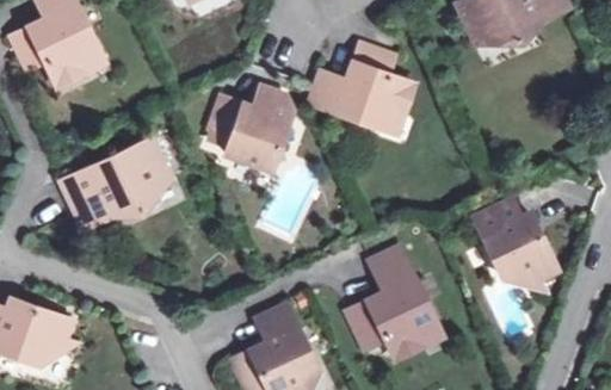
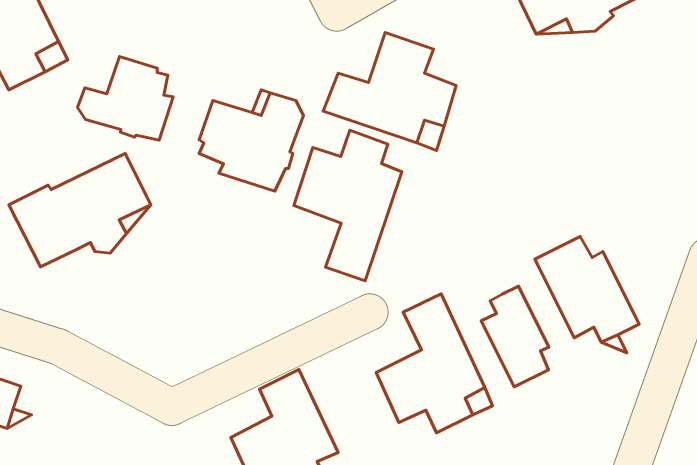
building: none -> [78,57,173,140]
building: none -> [294,130,402,281]
building: none -> [481,286,549,387]

